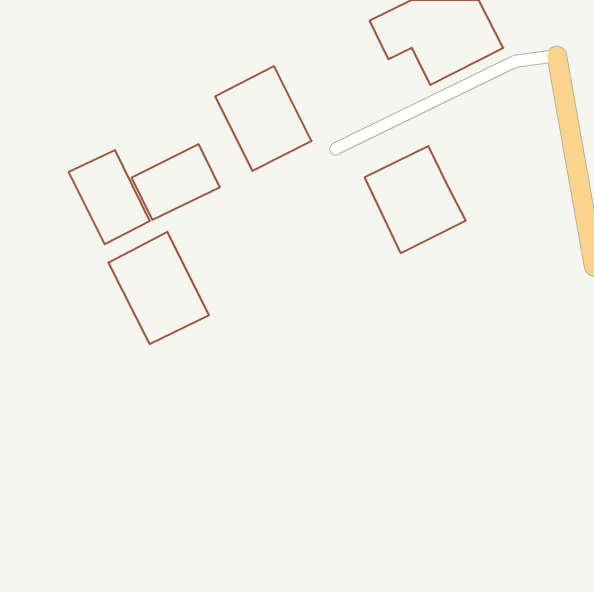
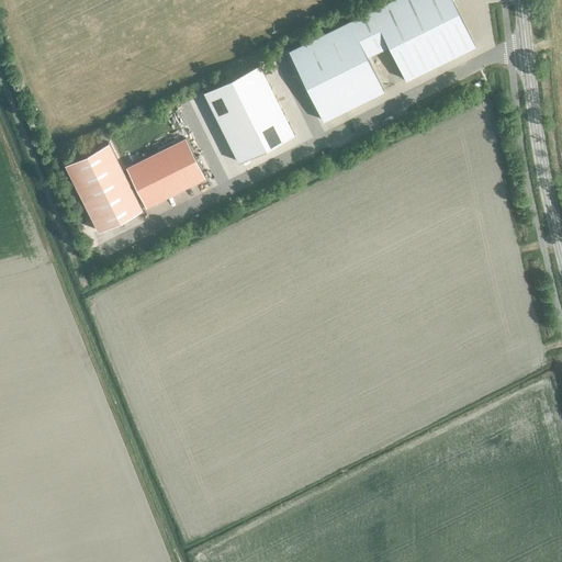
building: [365,146,466,253] -> [289,22,384,123]
building: [108,232,209,344] -> none

